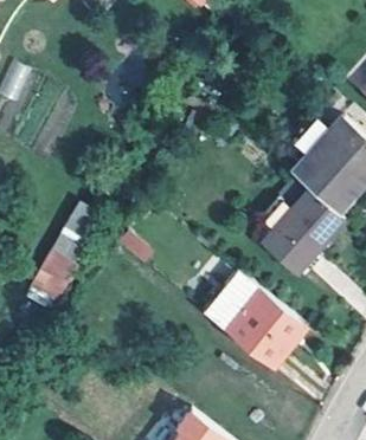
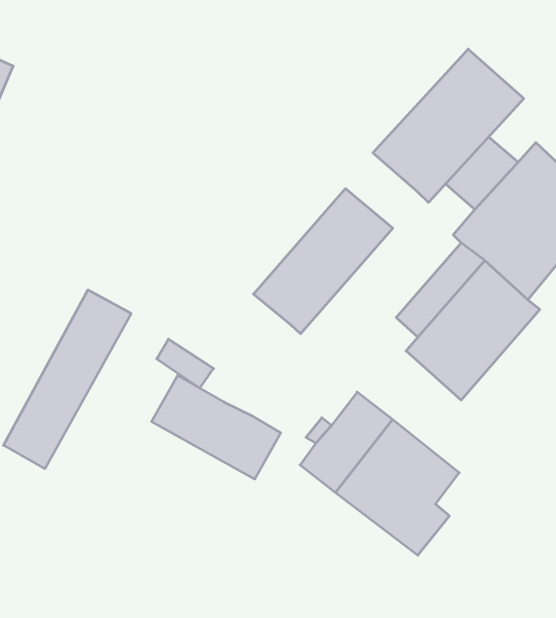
building: none -> [373,49,524,202]
building: none -> [253,189,393,334]
building: none -> [152,375,281,479]

